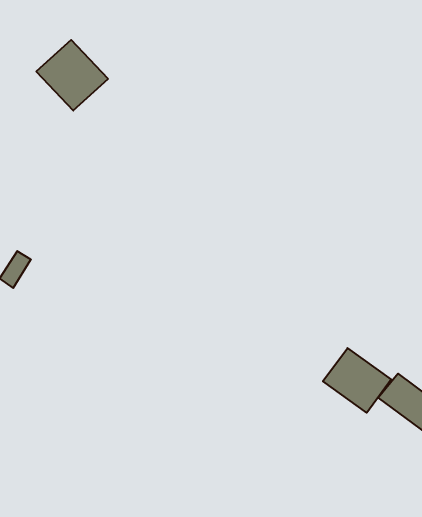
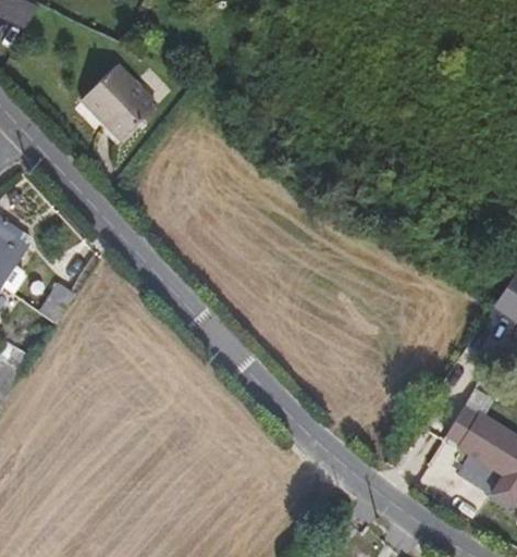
building: [323,348,391,413] -> none

